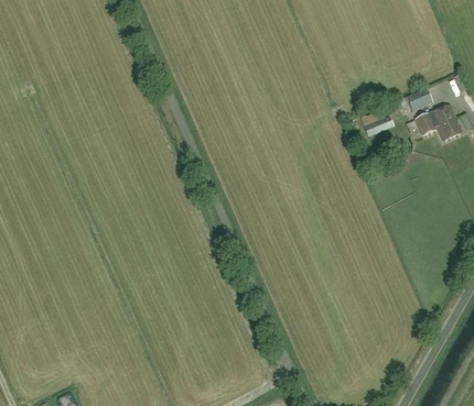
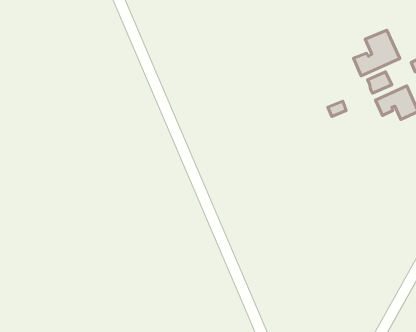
building: none -> [354,30,400,76]

